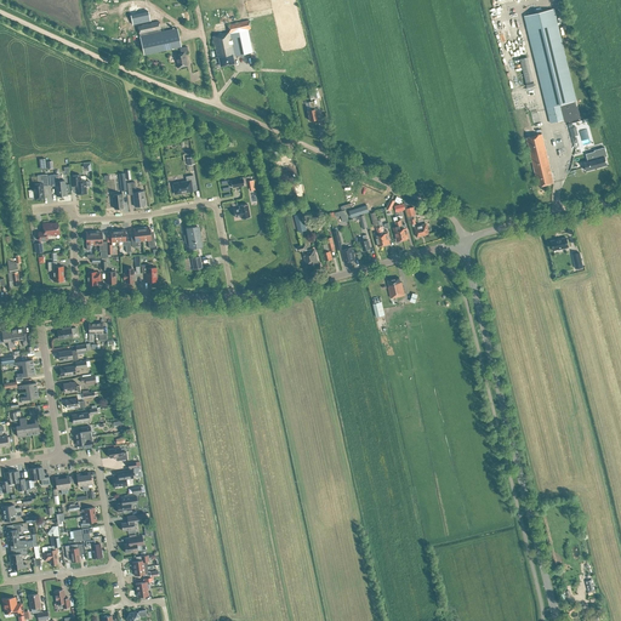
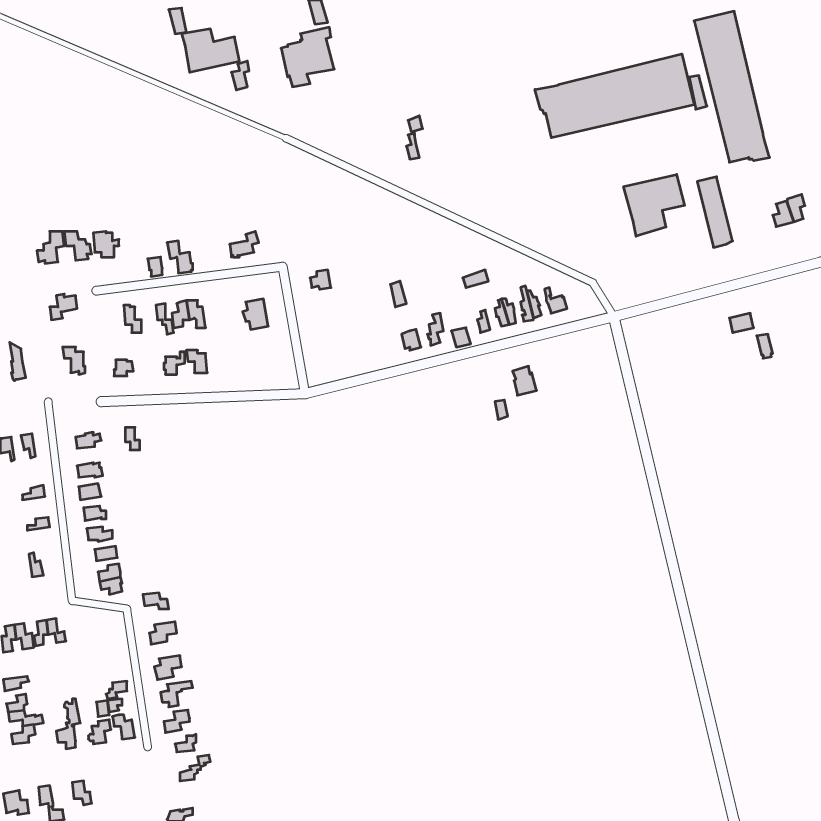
building: none -> [535,54,694,138]
building: none -> [624,174,685,236]

